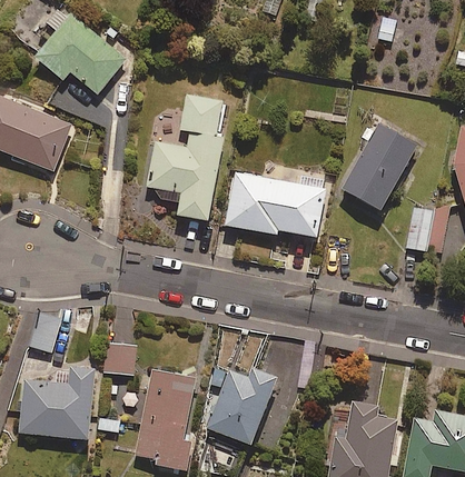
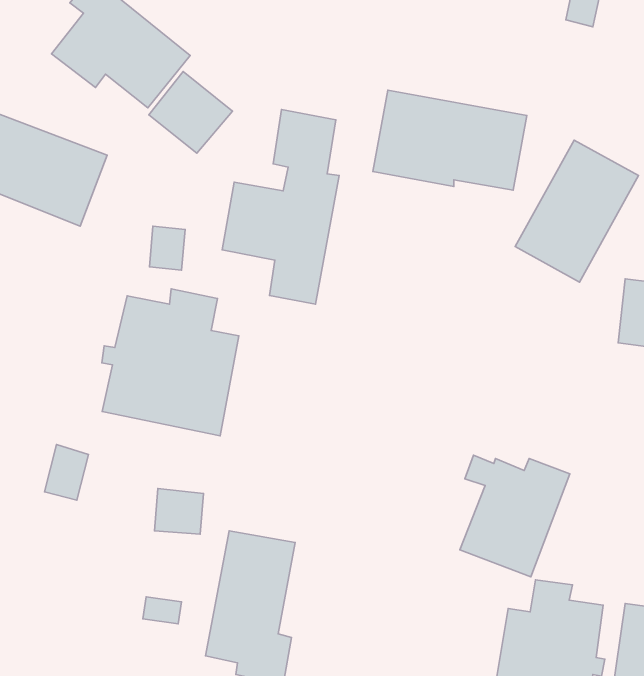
building: none -> [149,72,233,153]
building: [225,171,326,237] -> [373,90,527,190]
building: none -> [102,289,239,436]
building: [205,366,277,446] -> [460,455,570,577]
building: [20,367,95,439] -> none

